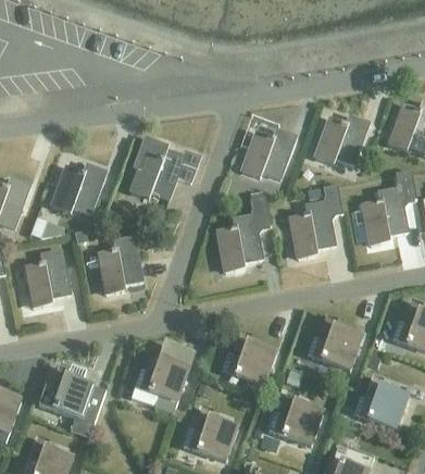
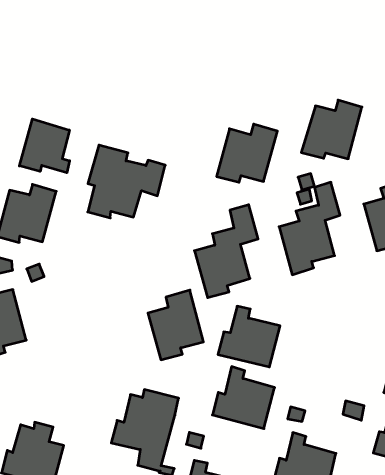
building: none -> [19,119,70,173]
building: [98,237,142,294] -> [148,290,203,360]
building: [307,316,361,370] -> [218,306,280,367]

